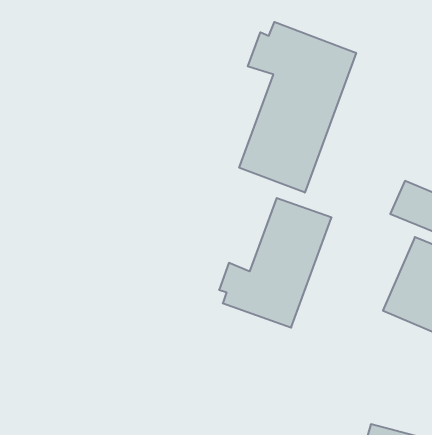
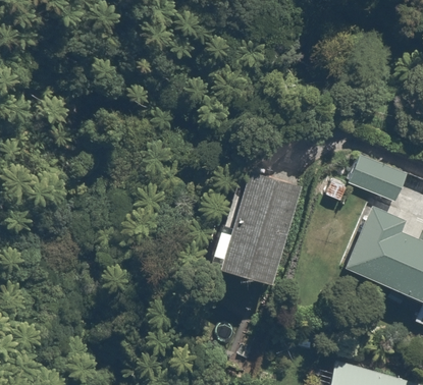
building: [239,22,356,193] -> none

